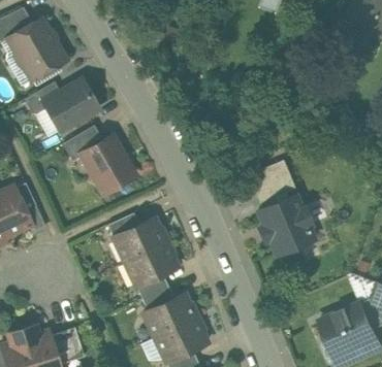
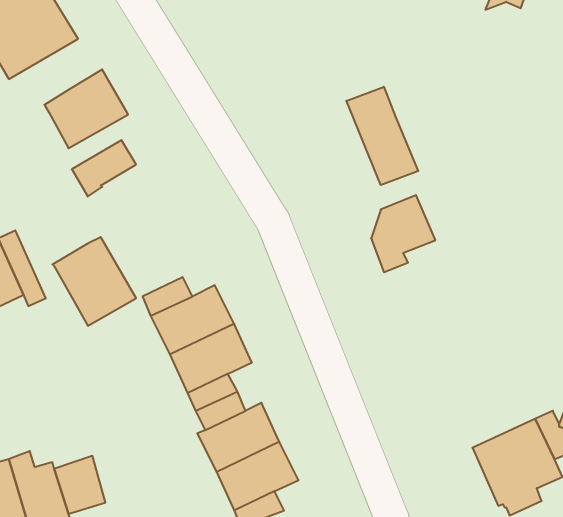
building: [24,81,61,113] -> none
building: none -> [346,87,418,185]
building: [81,136,134,193] -> [52,237,136,326]
building: [258,195,315,255] -> none

